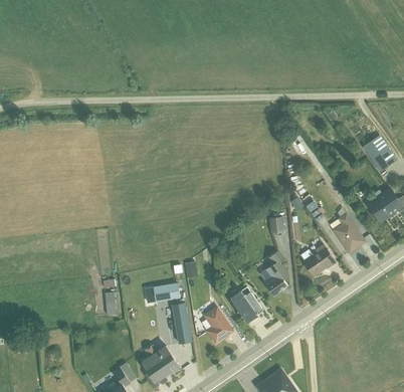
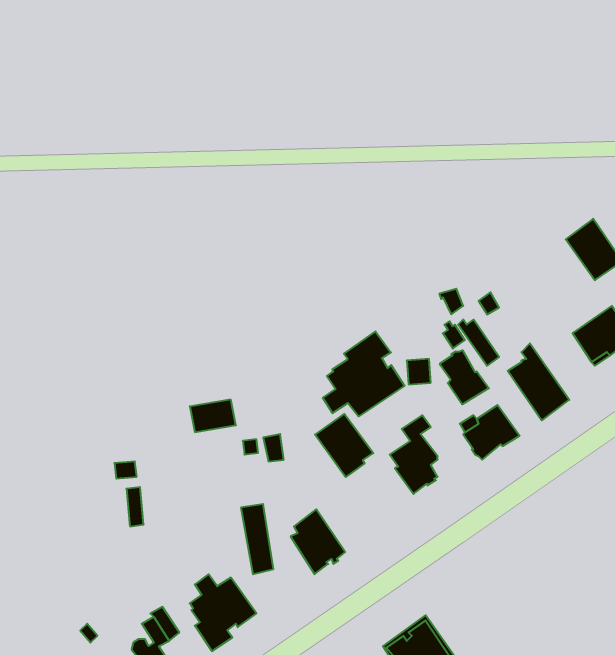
building: none -> [323,331,405,416]
building: none -> [440,350,489,404]
building: [153,282,180,302] -> [190,400,236,432]
building: [229,286,263,324] -> [315,414,373,477]

